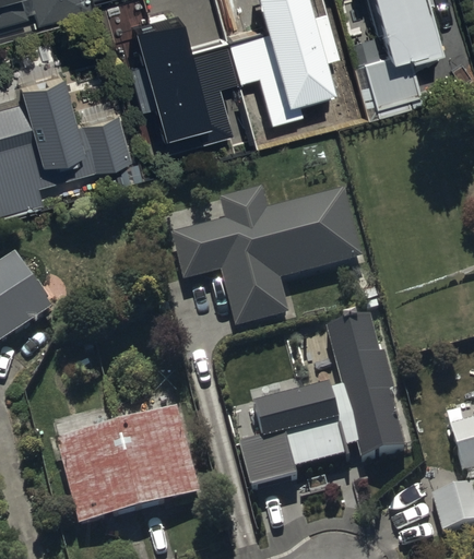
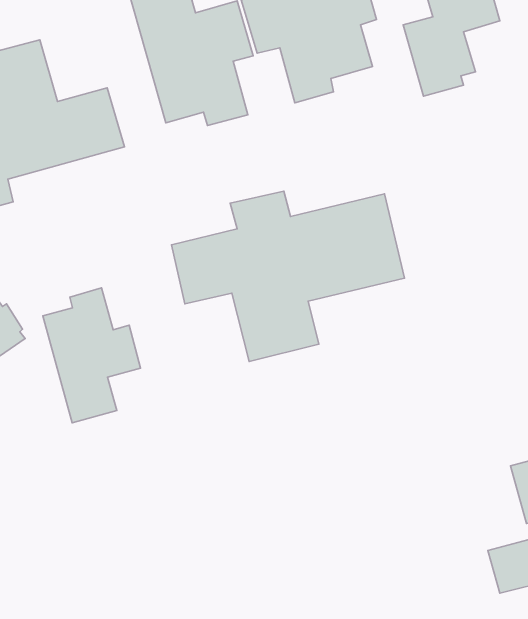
building: none -> [43,288,141,423]
building: [238,307,405,477] -> none
building: [57,413,204,534] -> none

